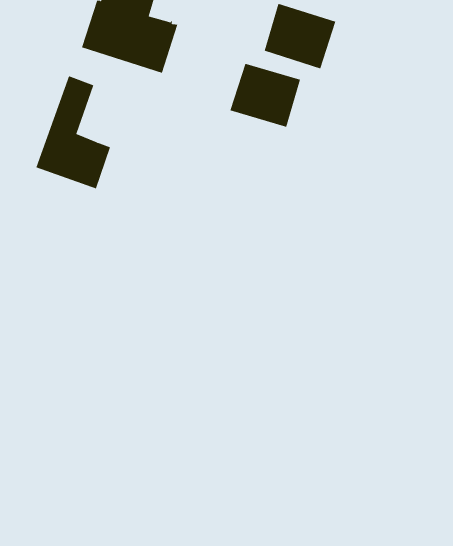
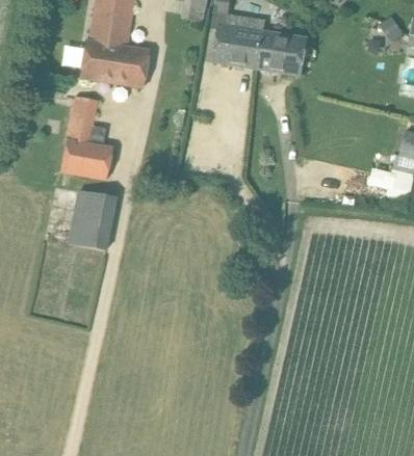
building: [229,63,301,127] -> [258,31,307,74]
building: none -> [69,190,115,250]

